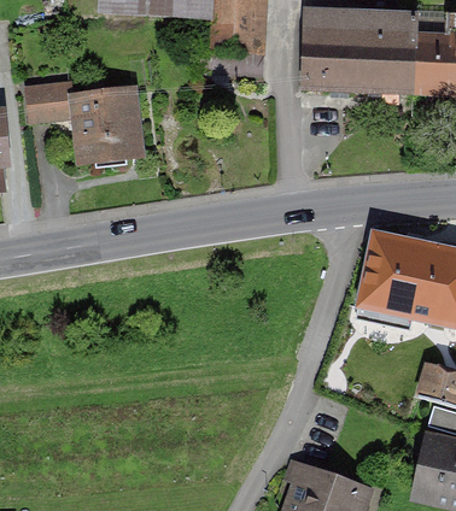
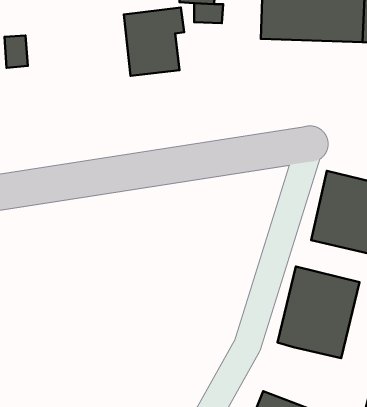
building: [72,86,138,159] -> [124,8,184,76]
building: none -> [277,267,360,358]

